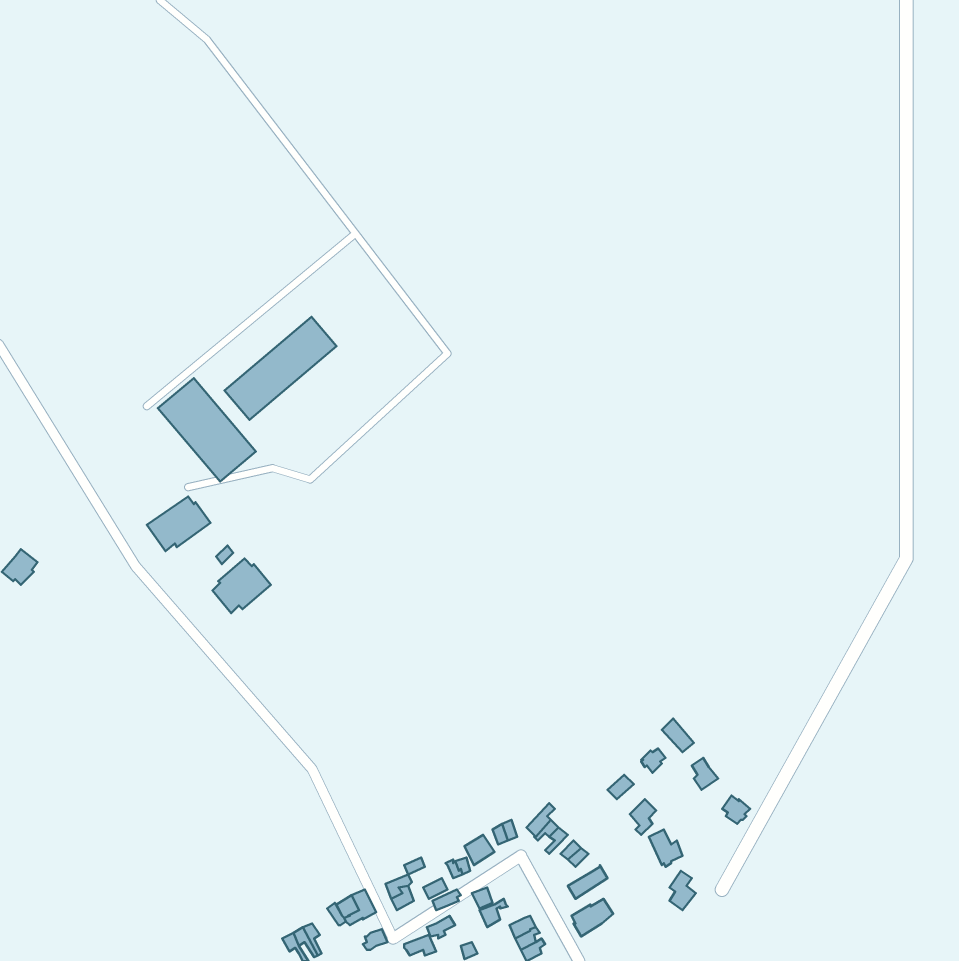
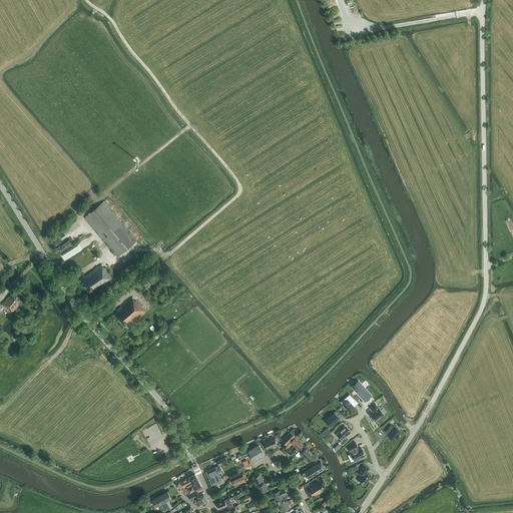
building: [224,317,337,420] -> none

